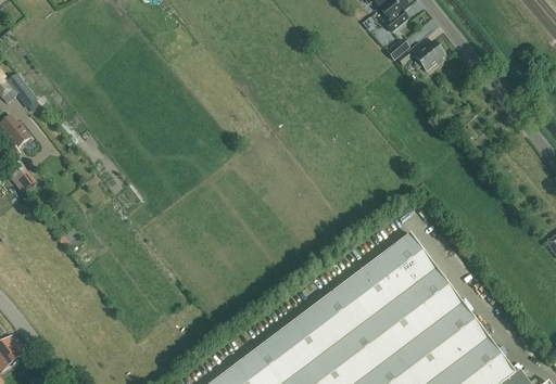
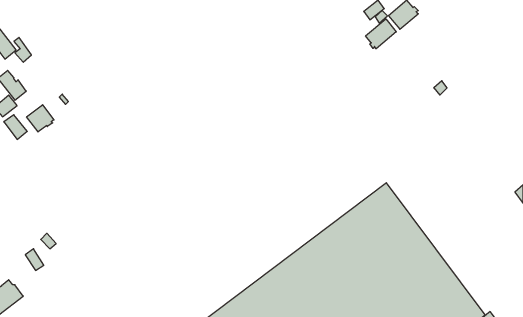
building: none -> [366,19,396,49]
building: none -> [27,105,54,132]

